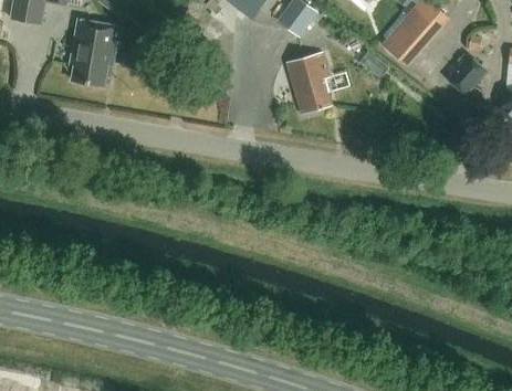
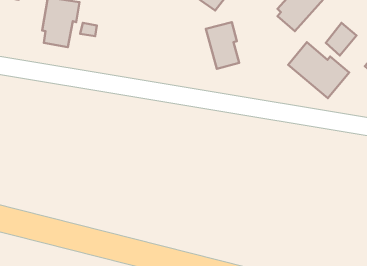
building: none -> [288,42,349,98]

